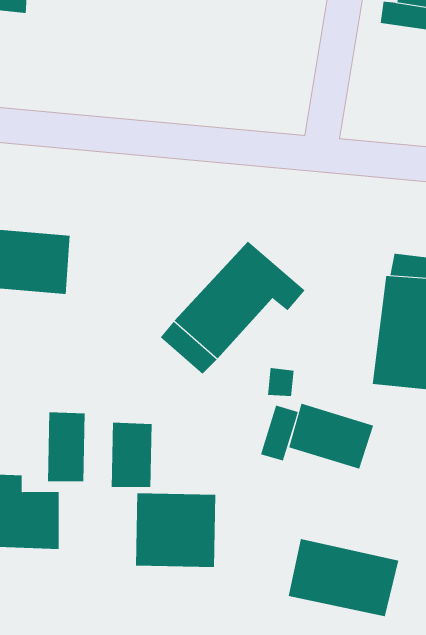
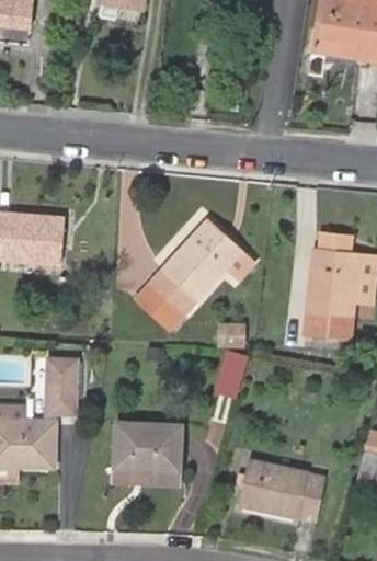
building: [288,403,374,470] -> none
building: [111,422,152,488] -> none

